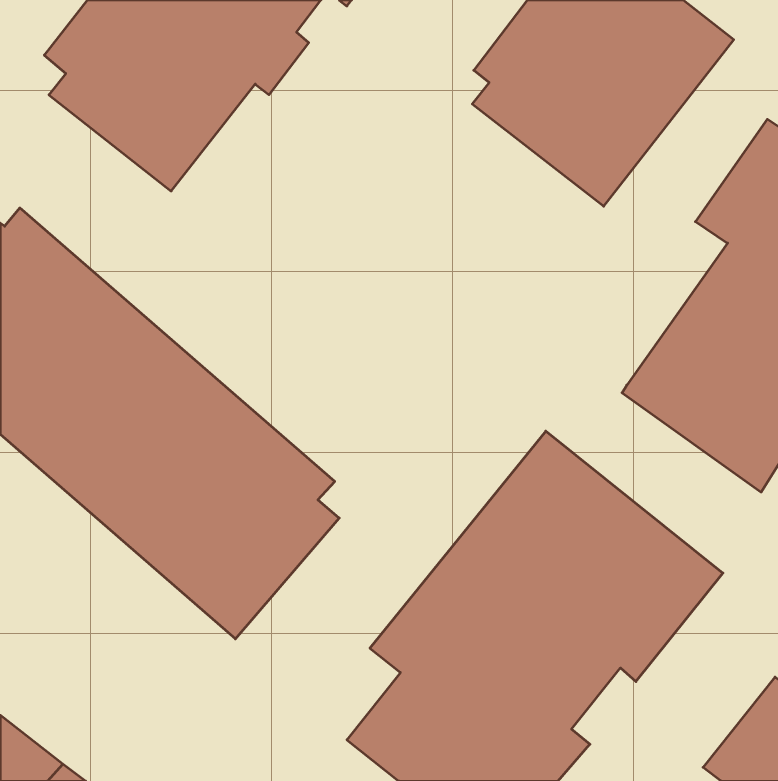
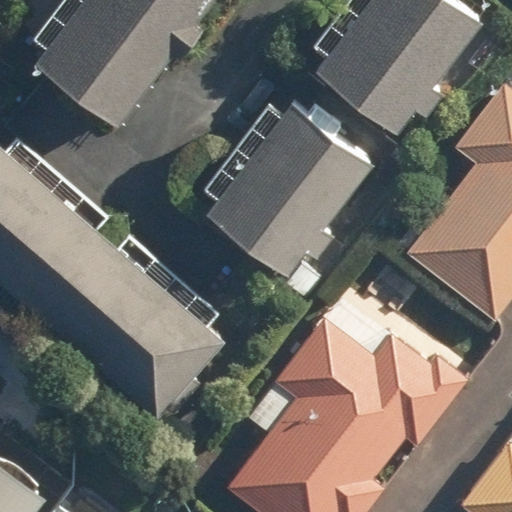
building: none -> [198,99,373,279]

